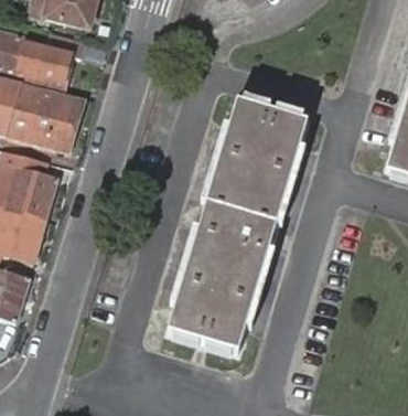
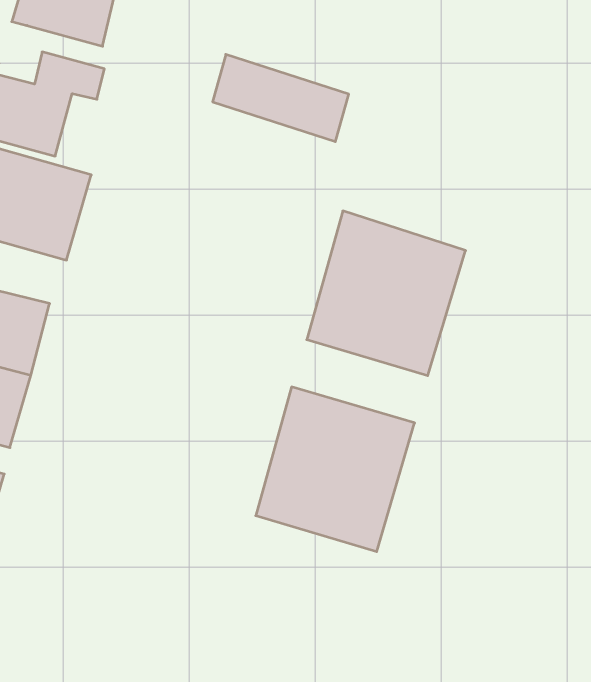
building: [227,96,307,147] -> [213,54,349,142]
building: [197,199,277,247] -> none
building: [168,301,247,350] -> none

